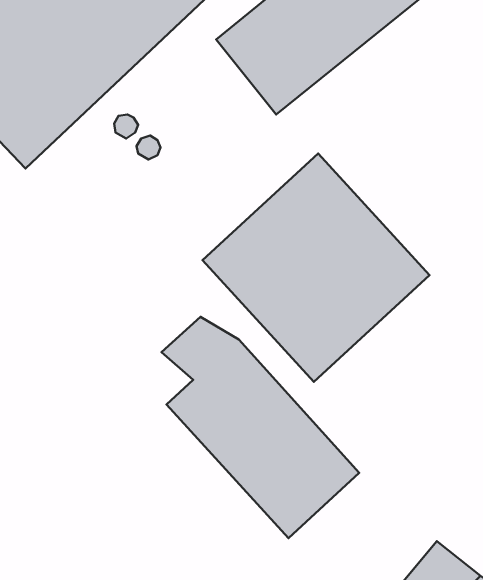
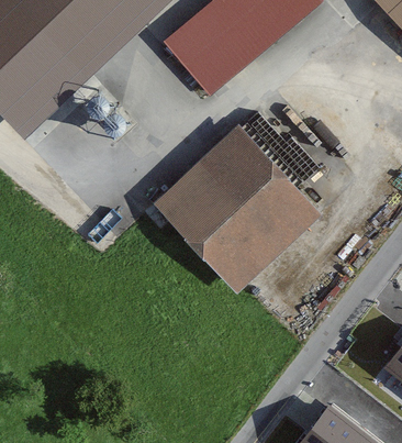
building: [162,317,359,538] -> none

